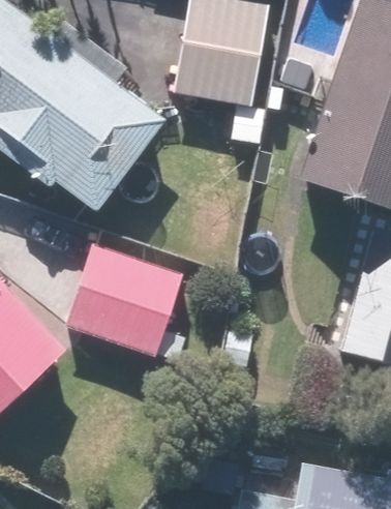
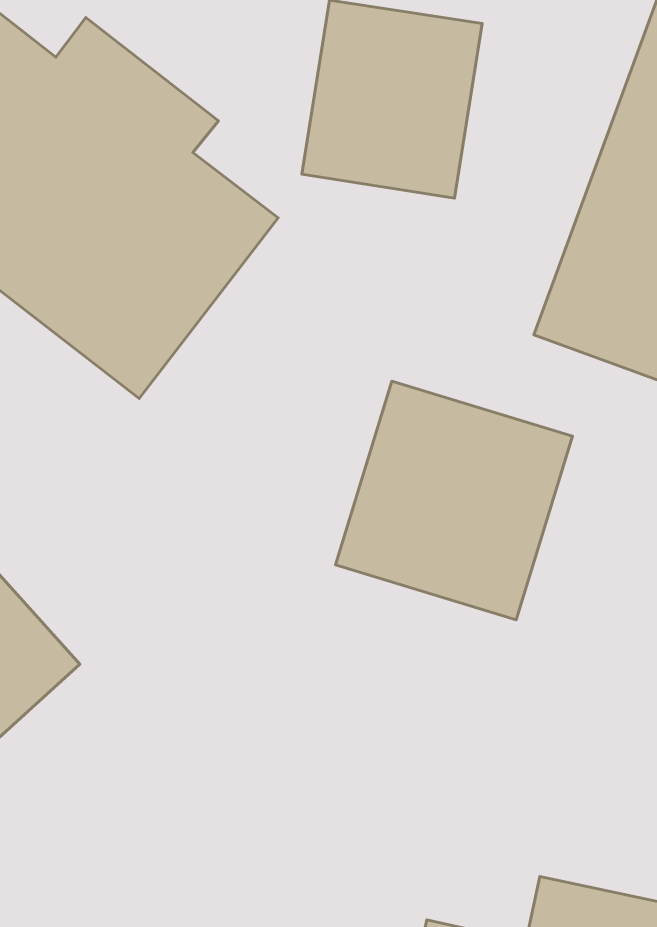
building: none -> [335,381,573,620]
building: [65,245,182,355] -> none

